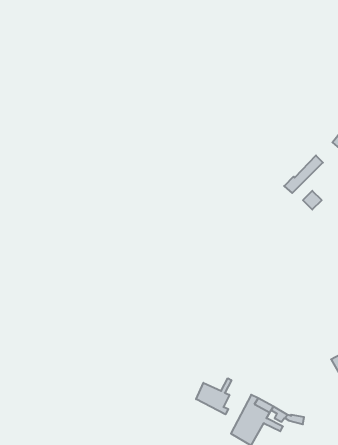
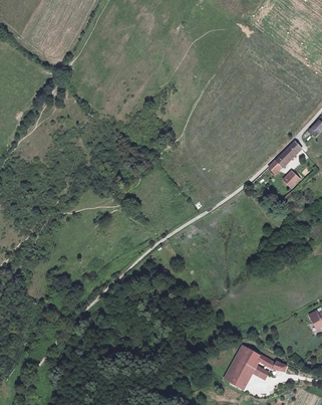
building: [196,378,231,414] -> none

